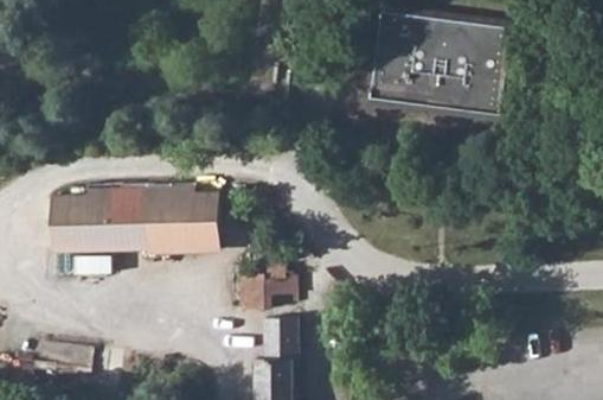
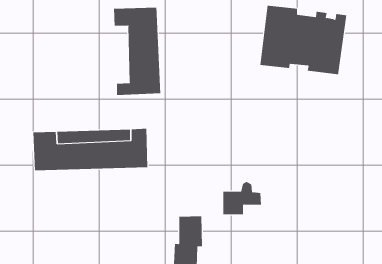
building: none -> [113,7,161,96]
building: [238,260,295,309] -> [223,181,262,215]

